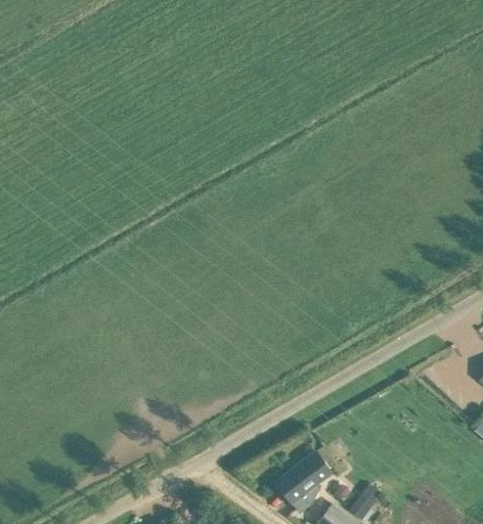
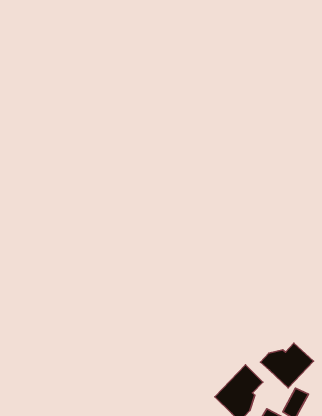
building: none -> [261,343,313,388]

